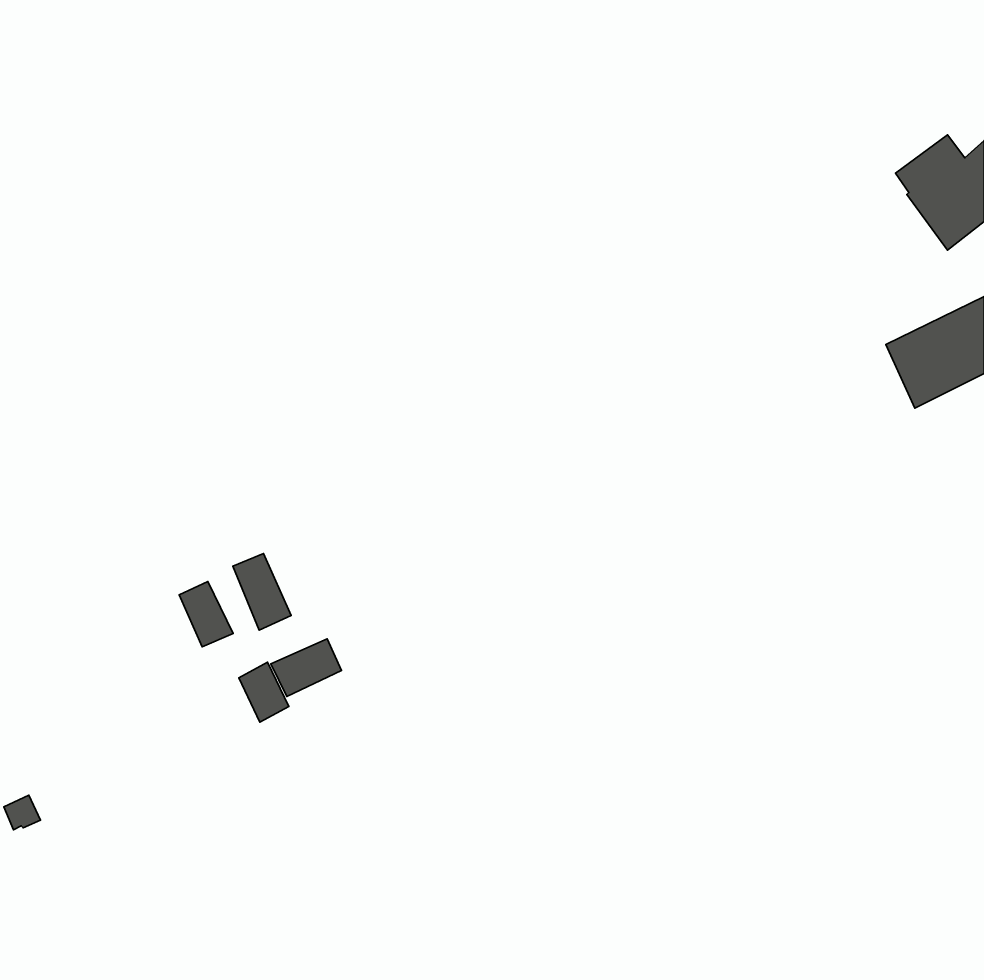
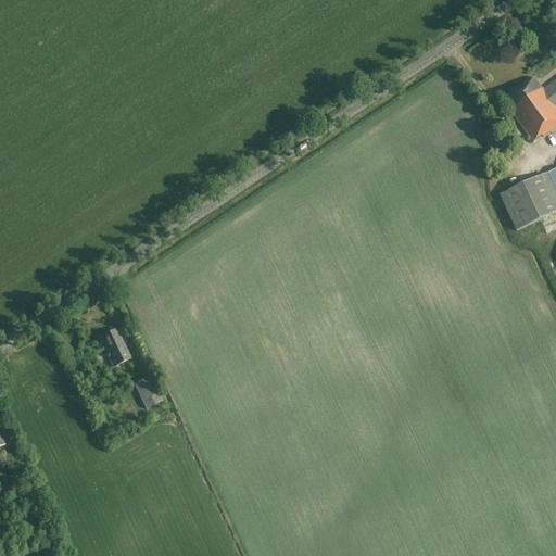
building: [233,553,291,630] -> none
building: [271,639,342,697] -> none

